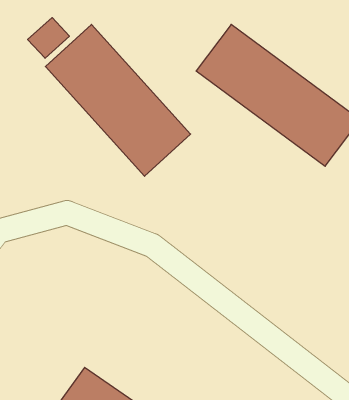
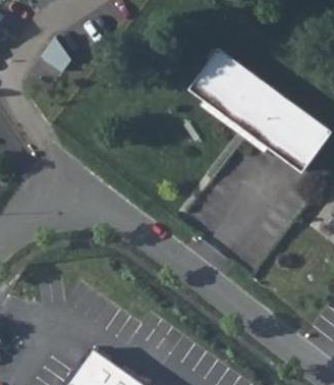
building: [45,24,191,176] -> none

